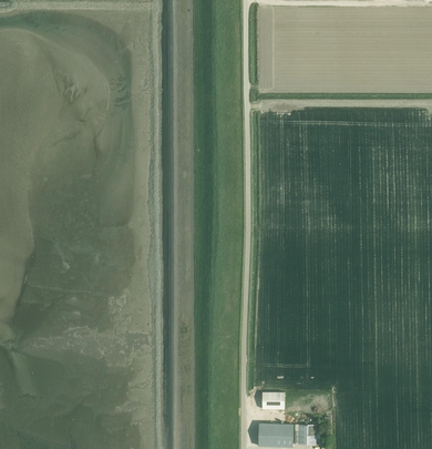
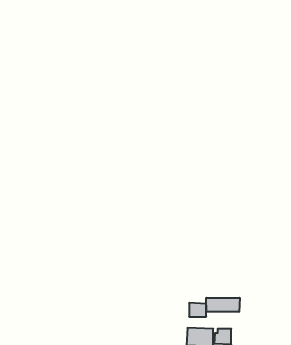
building: none -> [206,298,240,312]

